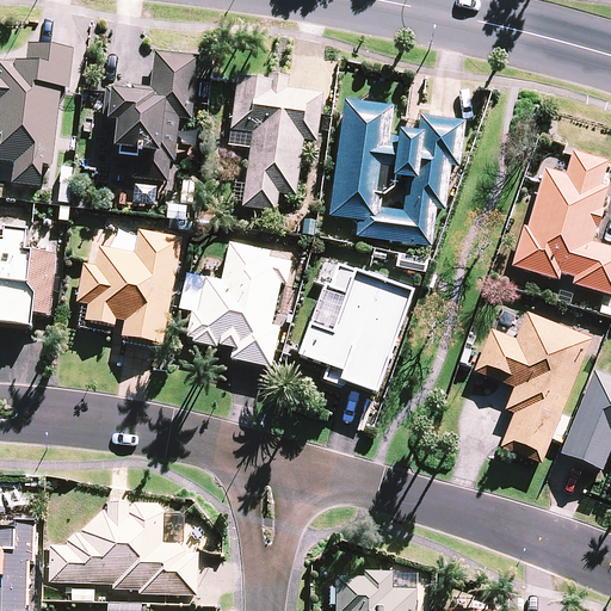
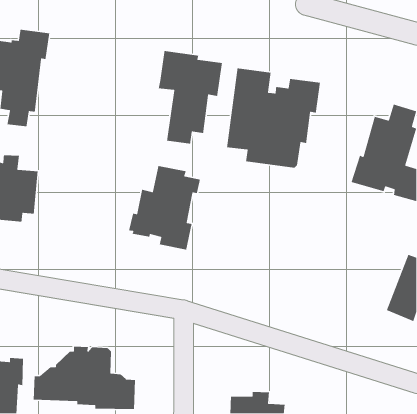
building: [100,50,199,181] -> none
building: [76,228,181,340] -> none
building: [300,263,413,390] -> none
building: [473,310,591,461] -> none

